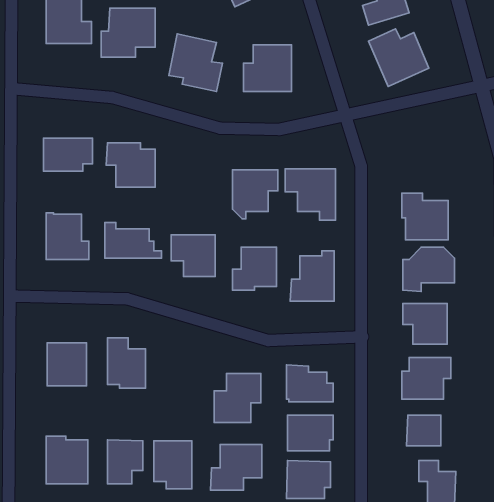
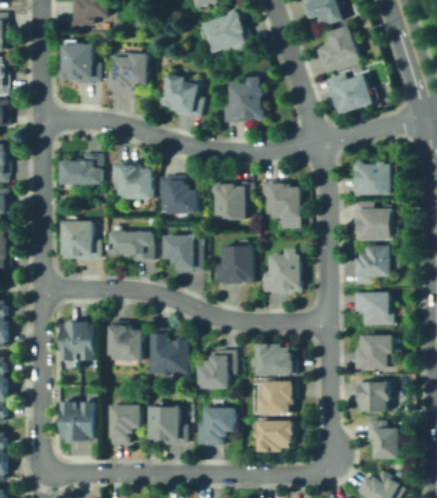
building: none -> [353,163,391,194]
building: none -> [156,176,194,213]
building: none -> [149,333,188,371]

